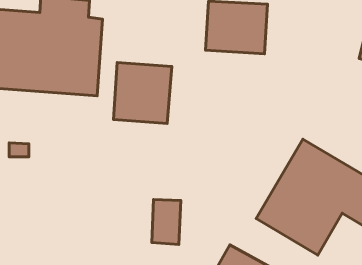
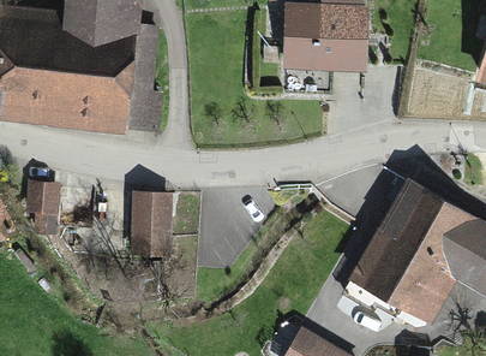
building: [113,62,172,123] -> none
building: [152,199,181,244] -> [134,196,172,254]

